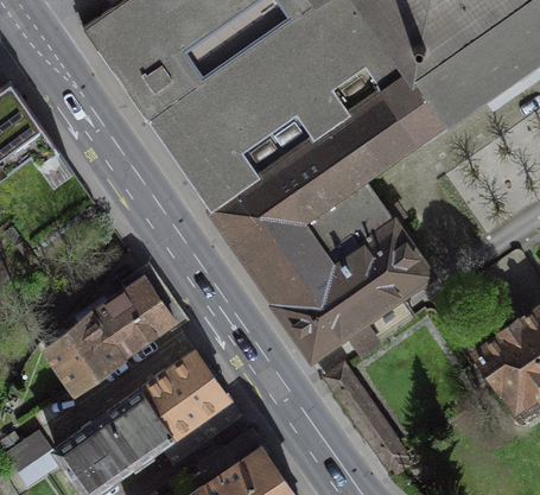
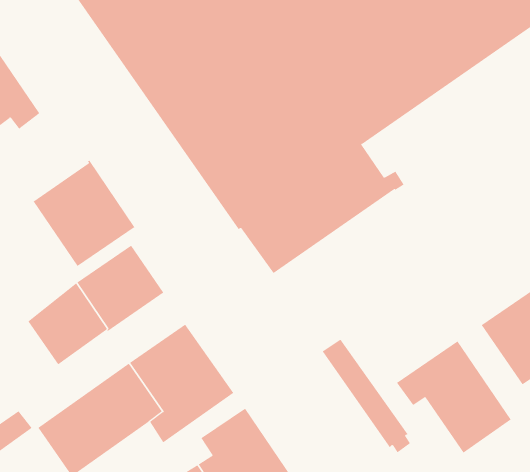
building: none -> [33,160,135,267]
building: [277,223,428,356] -> none
building: none -> [396,340,511,453]

